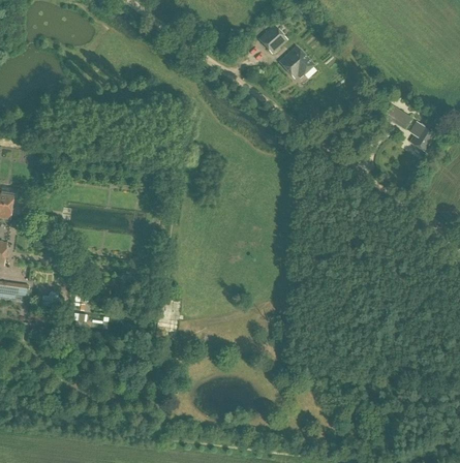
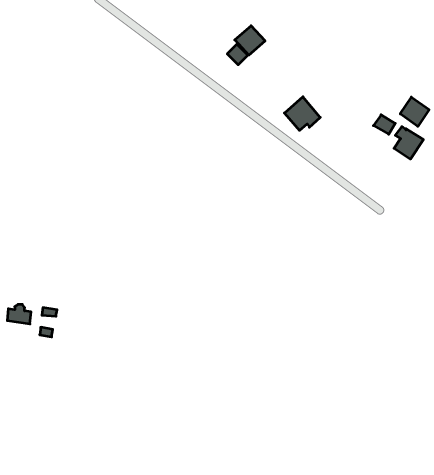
building: [279,45,313,78] -> [284,97,320,130]
building: none -> [400,97,429,126]

